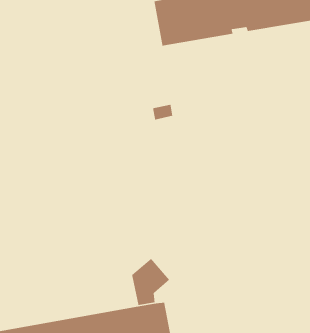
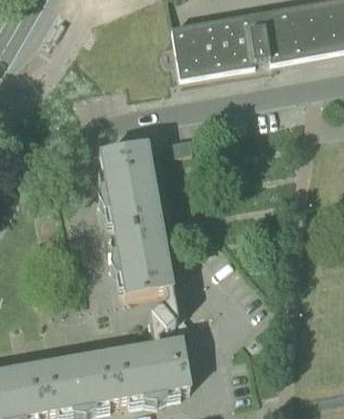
building: none -> [100,144,174,297]

